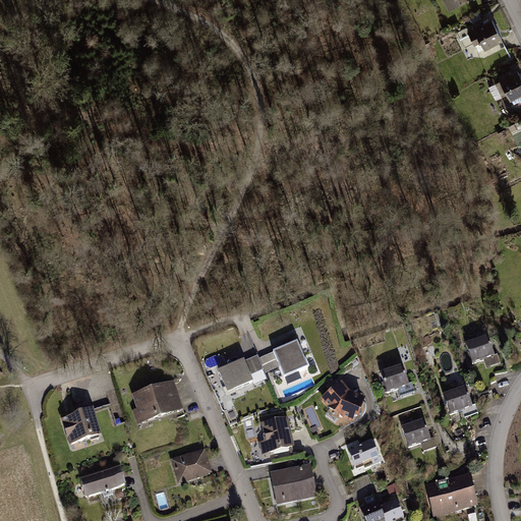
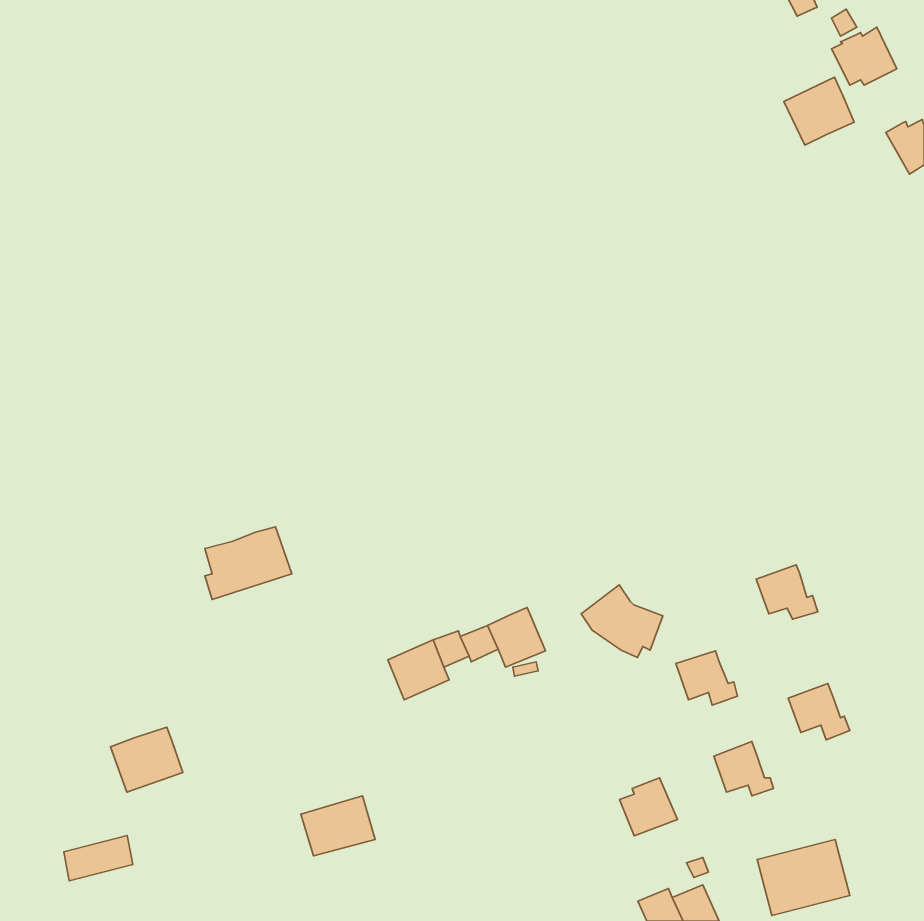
building: none -> [784,77,854,145]
building: [466,336,501,366] -> [756,565,818,619]
building: [132,382,181,422] -> [205,527,292,599]
building: [321,382,366,422] -> [581,585,663,657]
building: [258,417,294,454] -> none
building: [270,462,315,502] -> none
building: [81,468,120,494] -> [64,835,133,881]

